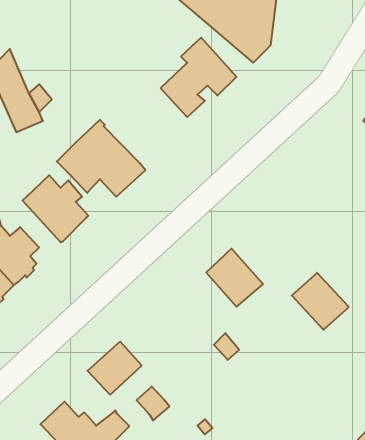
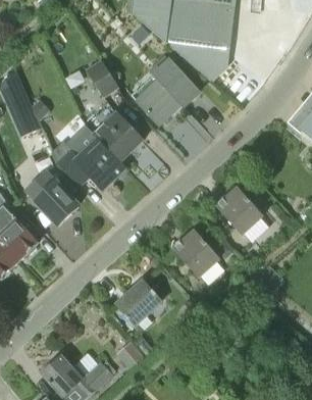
building: none -> [87,59,118,96]
building: none -> [92,111,143,161]
building: [292,273,349,330] -> [217,189,263,235]
building: [87,342,142,395] -> [117,282,161,324]

